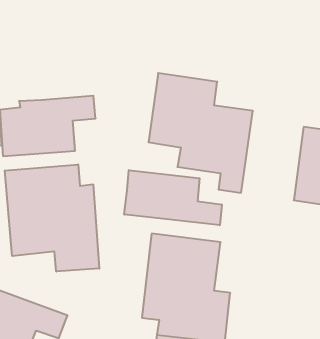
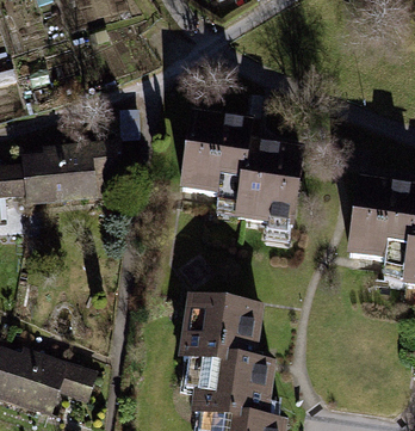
building: [5,164,99,272] -> none
building: [124,170,222,225] -> none

